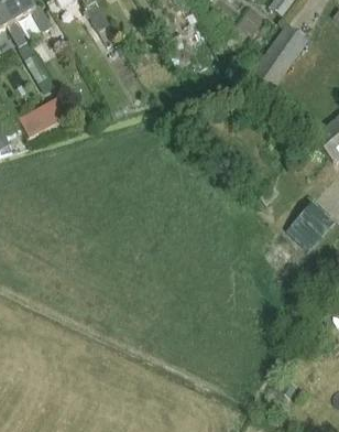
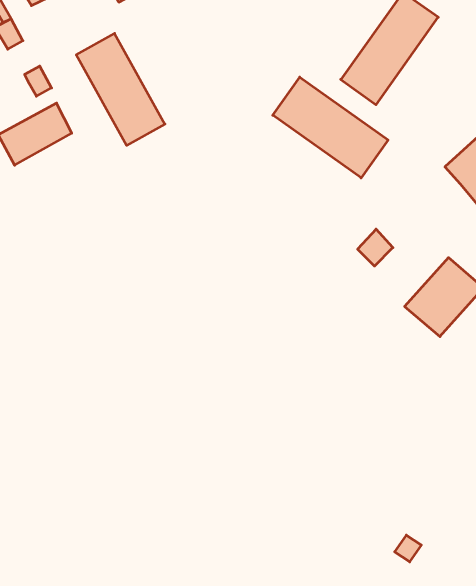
building: none -> [76,33,165,145]
building: none -> [273,77,388,178]

